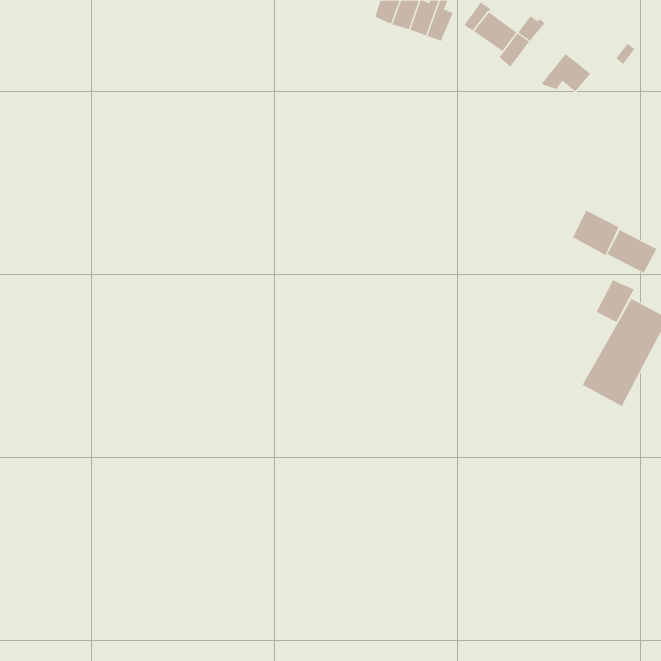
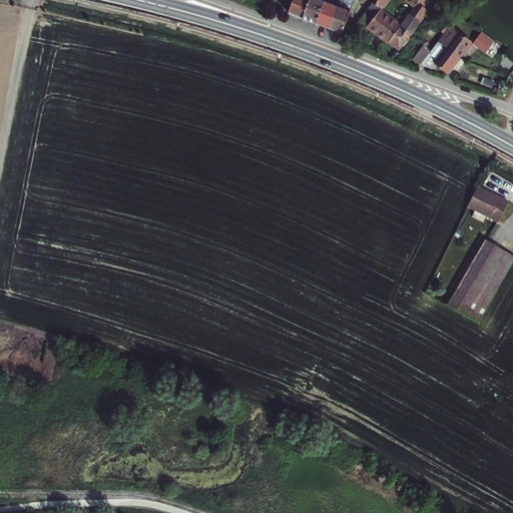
building: none -> [438,34,471,58]
building: [572,210,619,256] -> none
building: [596,279,635,323] -> none

